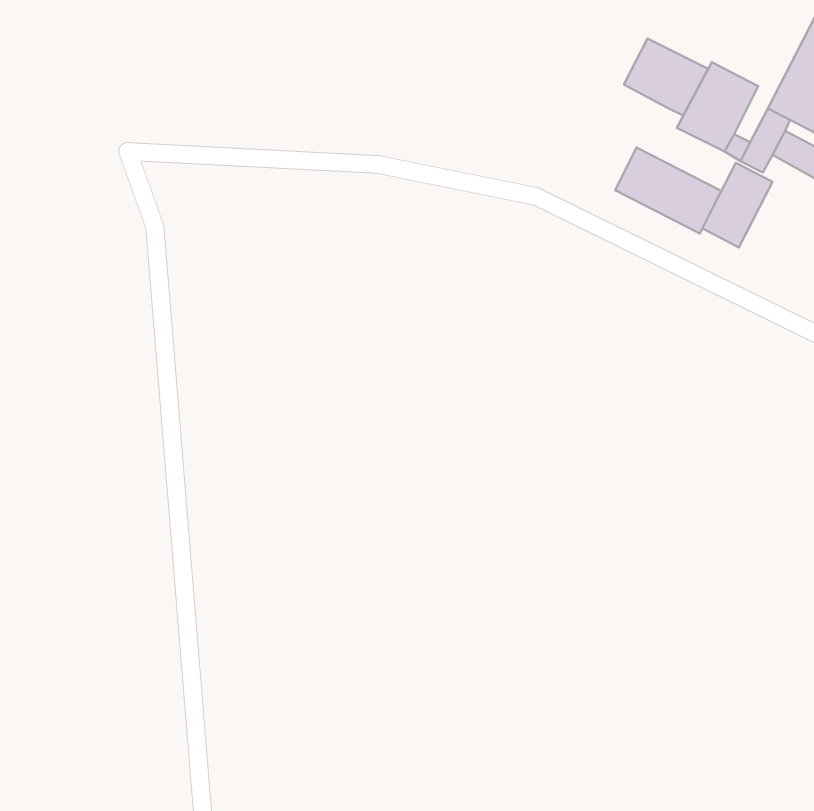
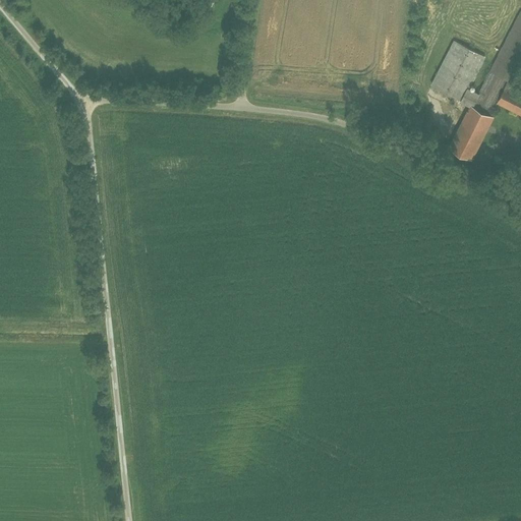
building: [624,38,708,116] -> none
building: [615,148,721,233] -> none

